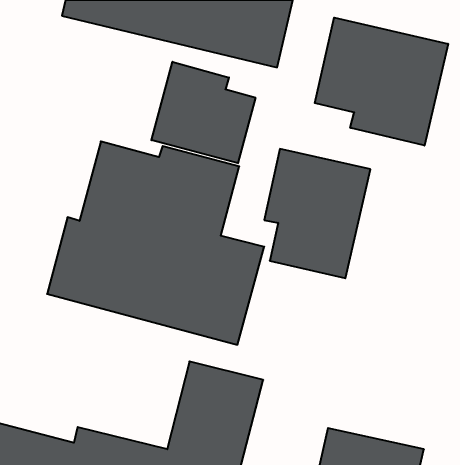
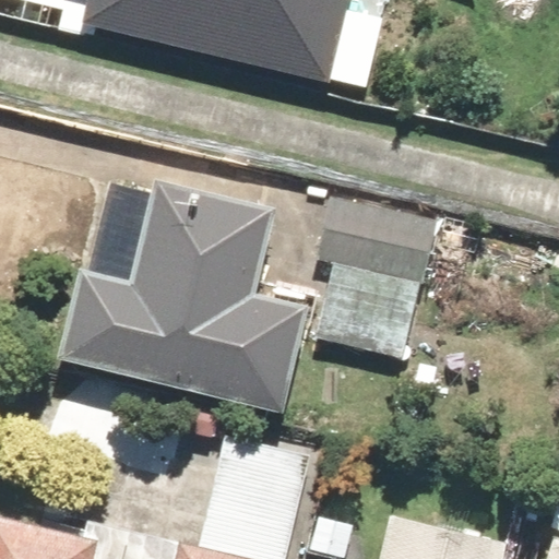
building: [315,18,448,146] -> none
building: [151,62,255,163] -> none

